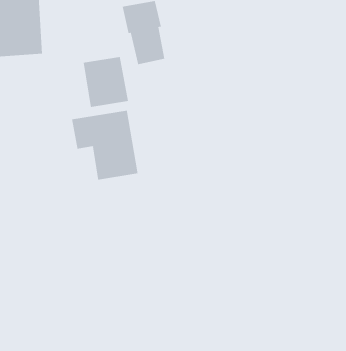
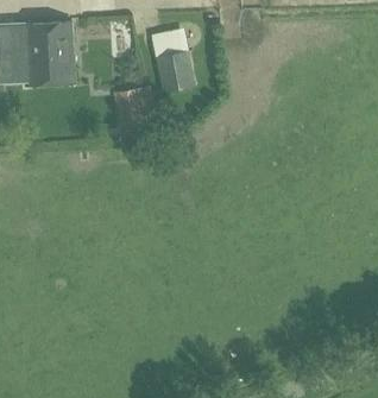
building: [71,110,138,180] -> none

